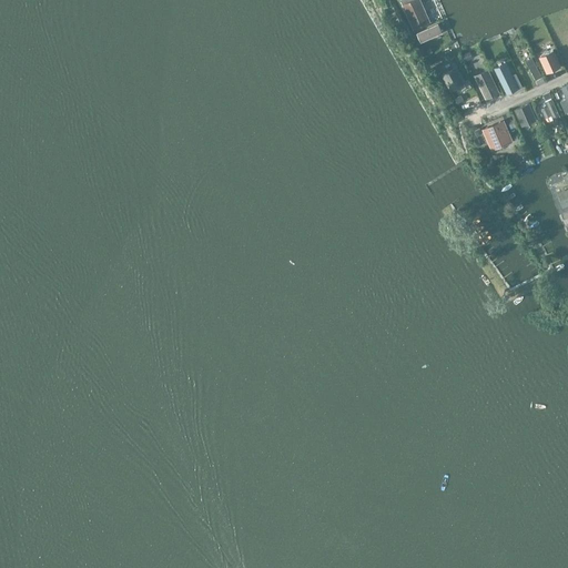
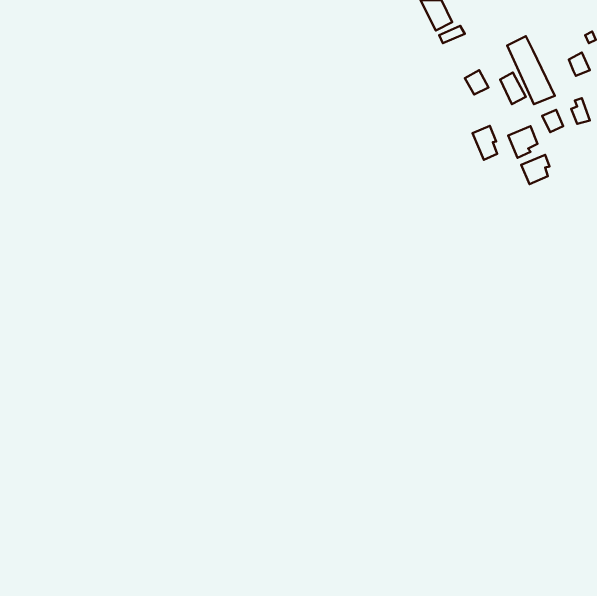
building: none -> [473,126,497,160]
building: none -> [521,155,549,184]

